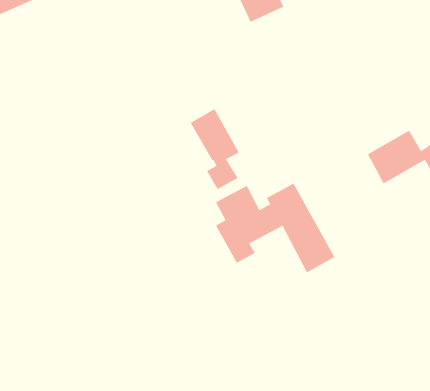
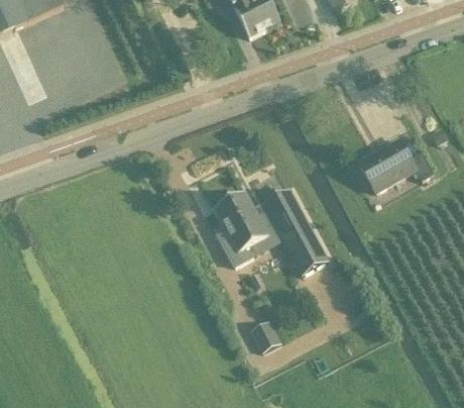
building: [190,108,239,190] -> none
building: none -> [251,320,281,351]

